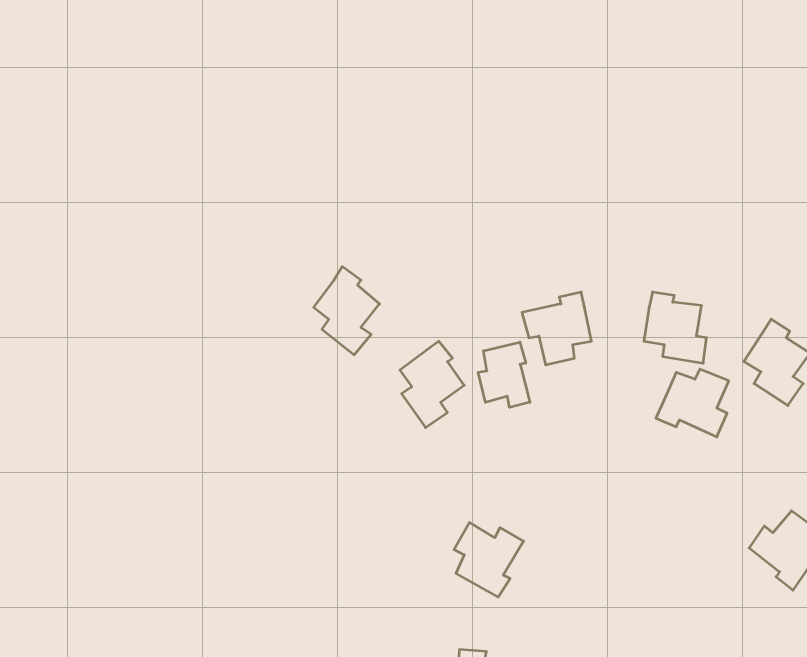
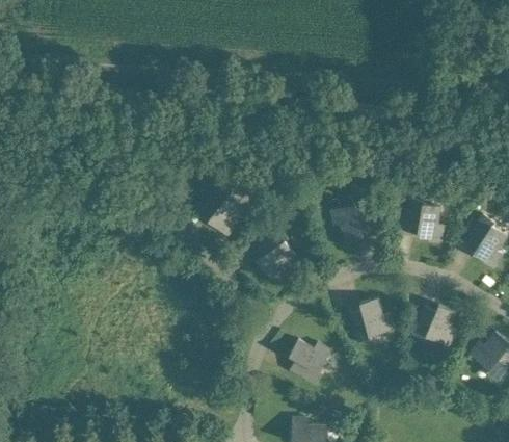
building: [478,342,530,407] -> none
building: [656,369,729,437] -> [411,305,456,346]
building: none -> [349,297,393,343]

